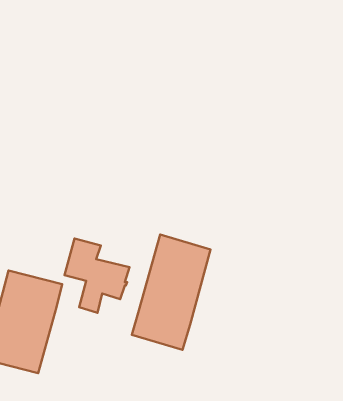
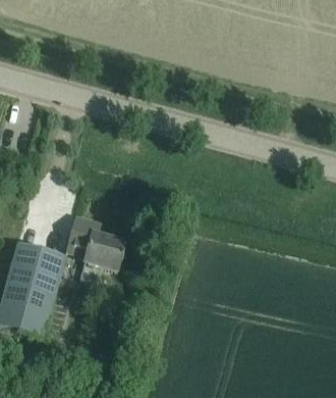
building: [132,235,211,350] -> none

